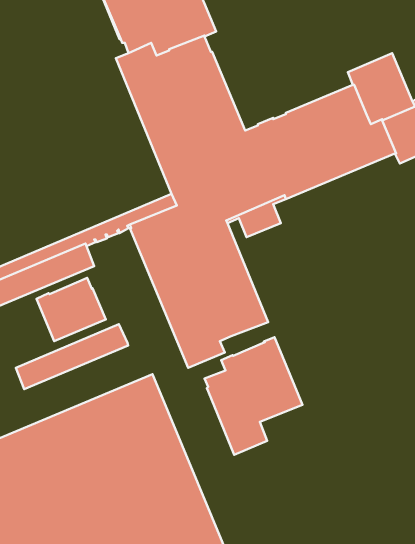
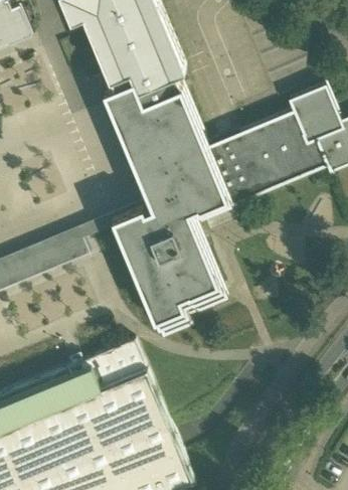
building: [36,278,106,341] -> none
building: [16,324,128,389] -> none
building: [205,337,303,455] -> none

